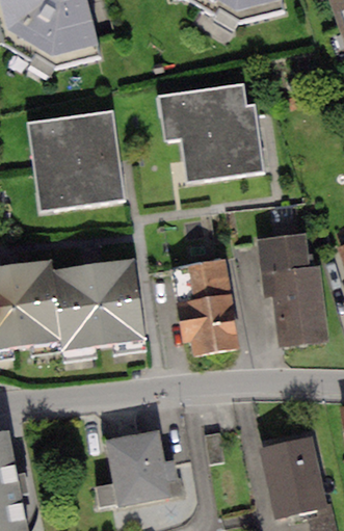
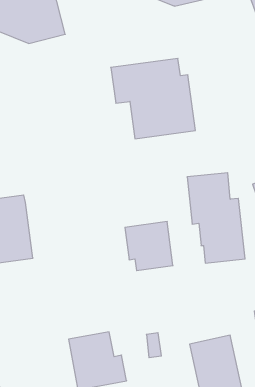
building: [29,115,127,217] -> none
building: [53,258,147,348] -> none
building: [173,260,231,301] -> none

